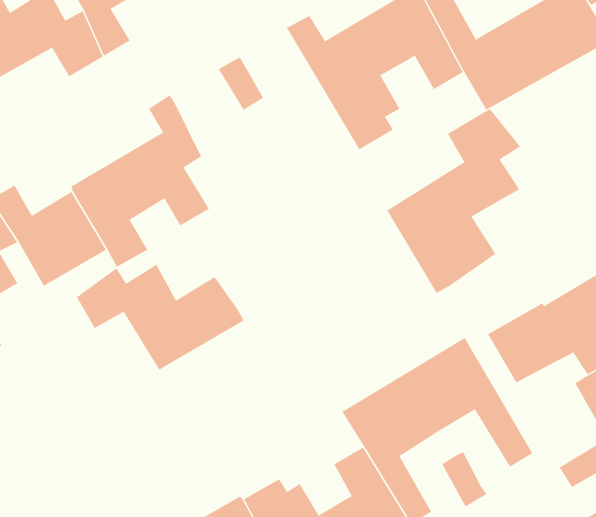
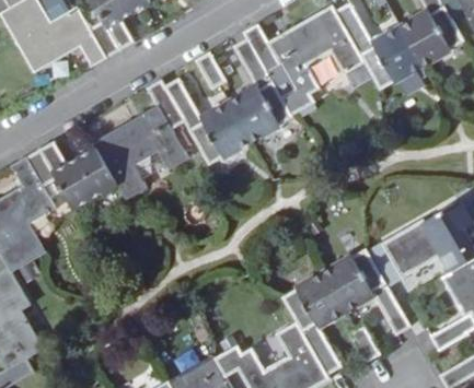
building: none -> [165,38,292,165]
building: [386,108,521,294] -> none
building: [76,264,245,370] -> none

